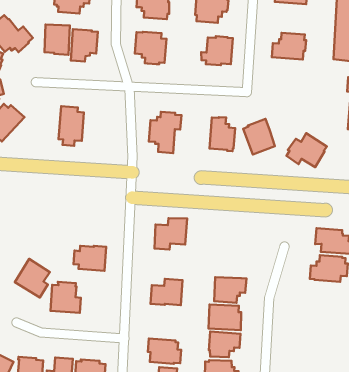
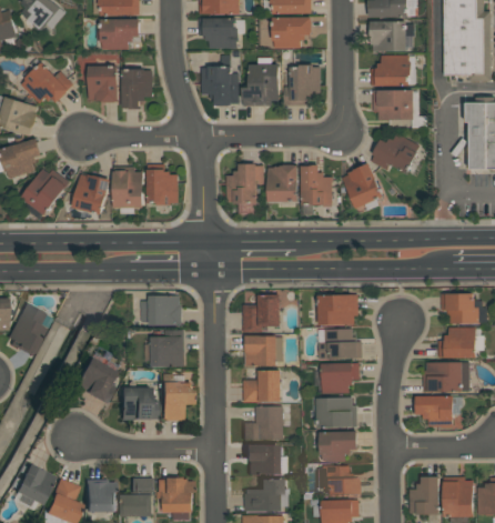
building: none -> [370,20,413,51]
building: none -> [241,57,277,104]
building: none -> [372,90,413,119]
building: none -> [147,163,178,204]
building: none -> [71,173,110,214]
building: none -> [266,164,296,200]
building: [287,133,327,167] -> [370,131,418,172]
building: none -> [140,295,181,324]
building: none -> [316,294,356,324]
building: none -> [317,329,362,359]
building: none -> [243,335,282,365]
building: none -> [160,373,191,421]
building: none -> [422,361,468,391]
building: none -> [241,405,282,441]
building: none -> [415,395,463,426]

